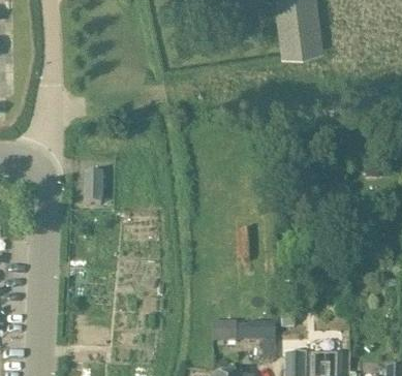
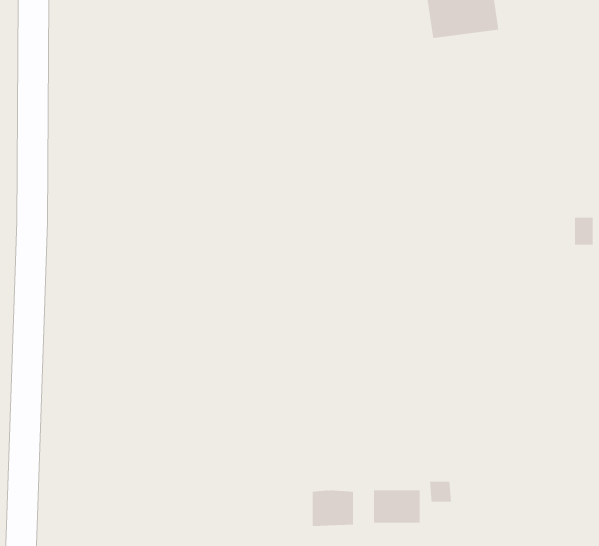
building: [85,168,102,199] -> none

